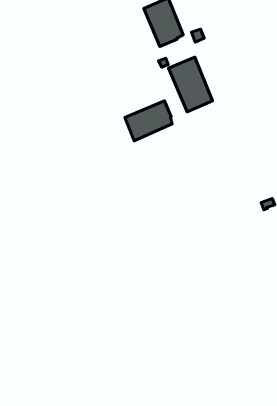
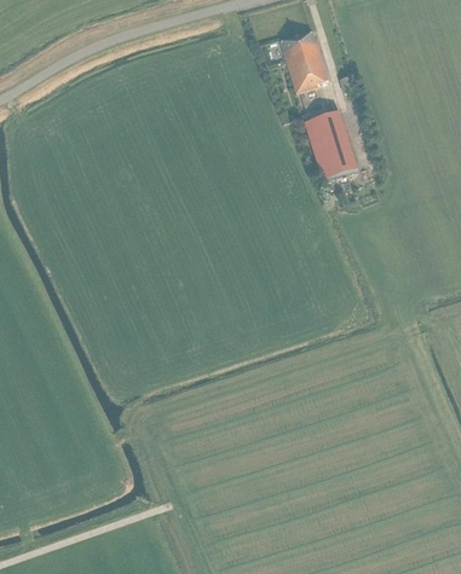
building: [125,101,172,141] -> none

